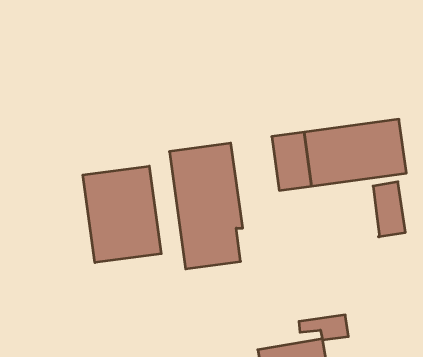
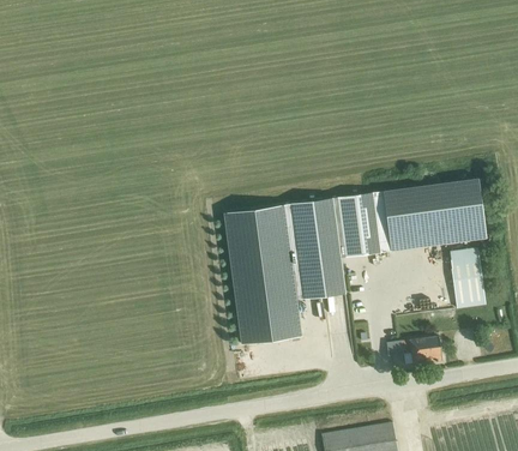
building: none -> [291,197,347,299]
building: [83,166,161,263] -> none
building: [299,315,348,340] -> [387,336,442,363]

